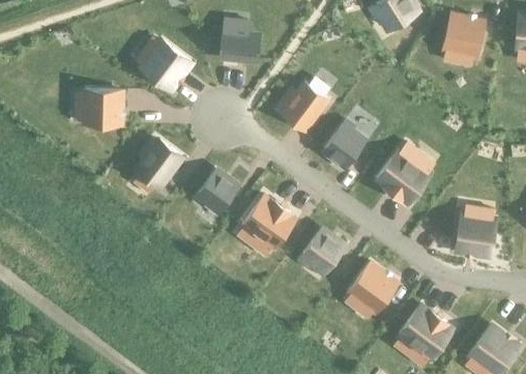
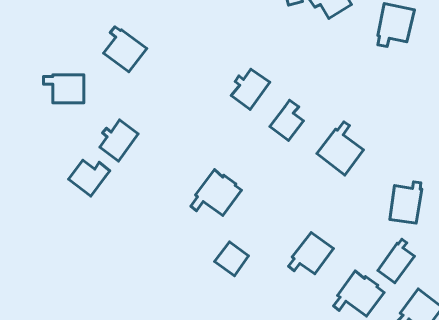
building: [220,22,257,61] -> none
building: [199,173,235,210] -> none
building: none -> [69,160,110,196]
building: [302,233,340,270] -> [215,242,248,276]
building: none -> [378,239,414,283]

